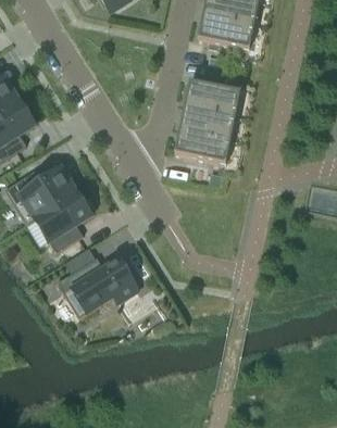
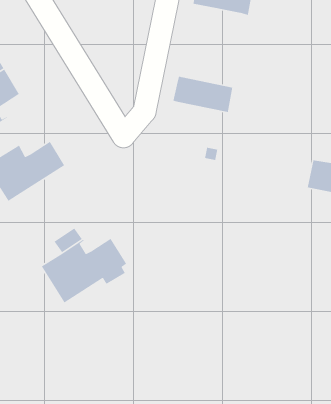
building: [185,80,241,115] -> none
building: [174,128,232,163] -> none
building: [35,188,95,251] -> none

